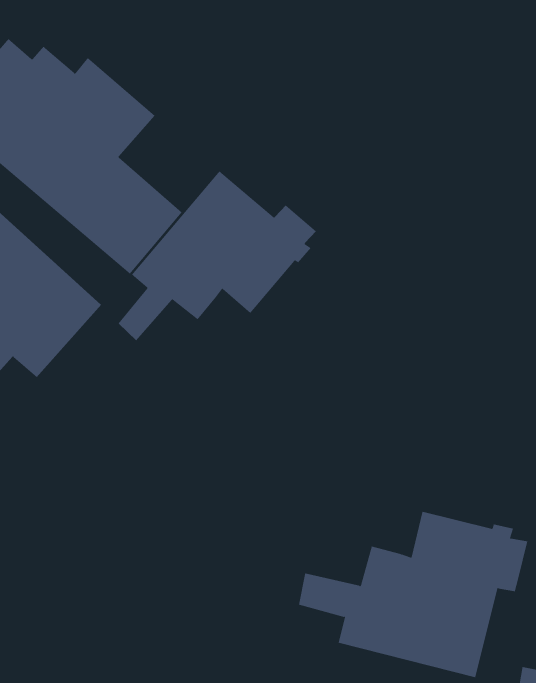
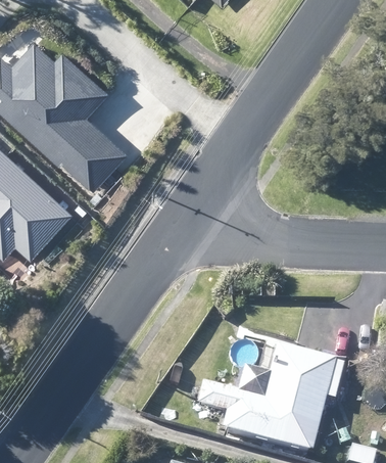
building: [118,170,317,341] -> none

